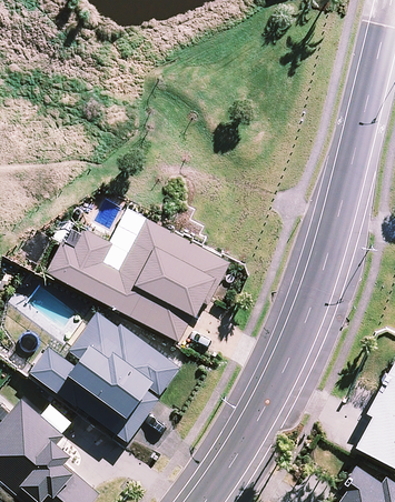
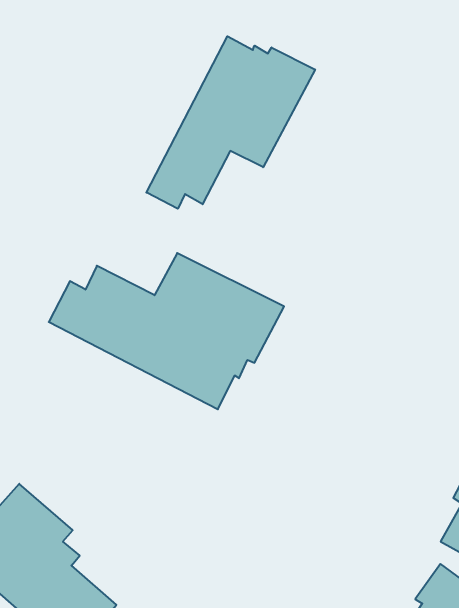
building: none -> [146,36,315,209]
building: [30,311,181,441] -> none

